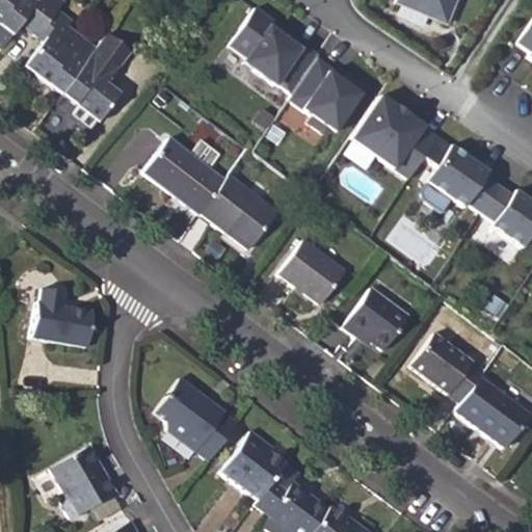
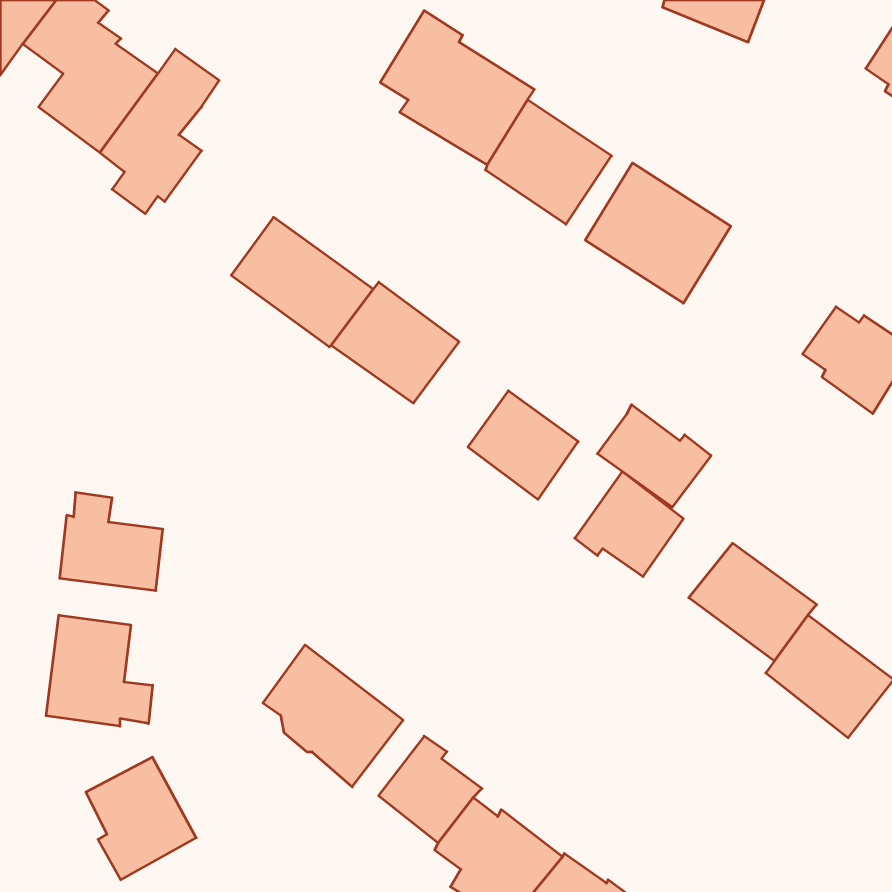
building: [431,149,498,212] -> none
building: none -> [597,405,711,507]
building: none -> [46,615,153,726]

